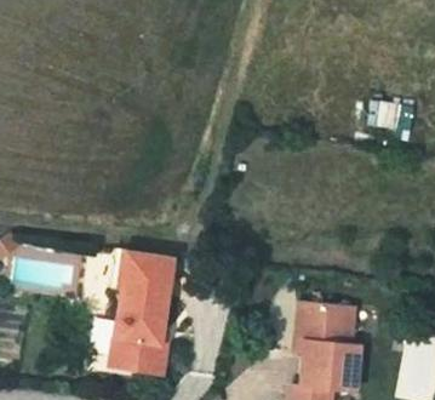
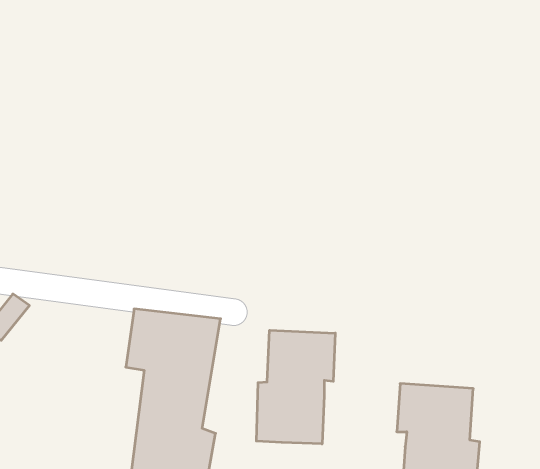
building: none -> [256,330,335,444]

